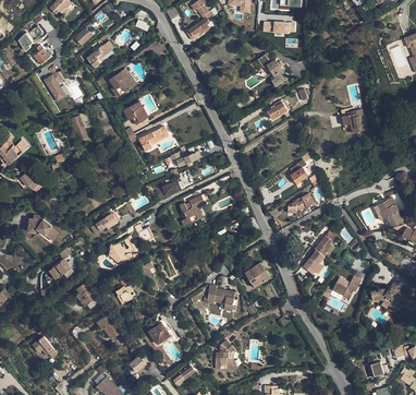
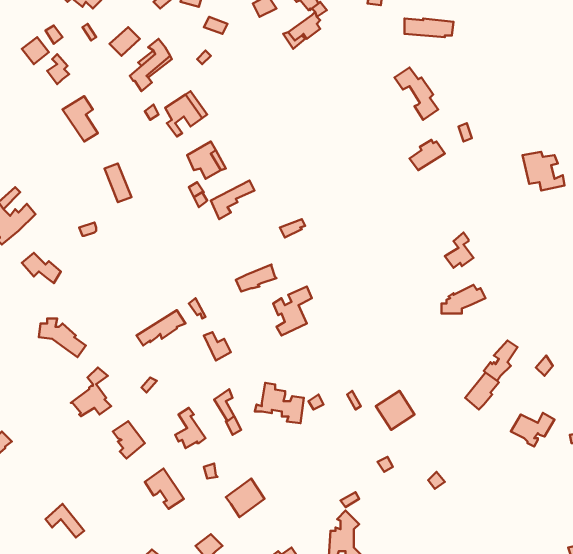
building: [108,236,135,263] -> none
building: [203,284,234,310] -> [255,383,304,423]

